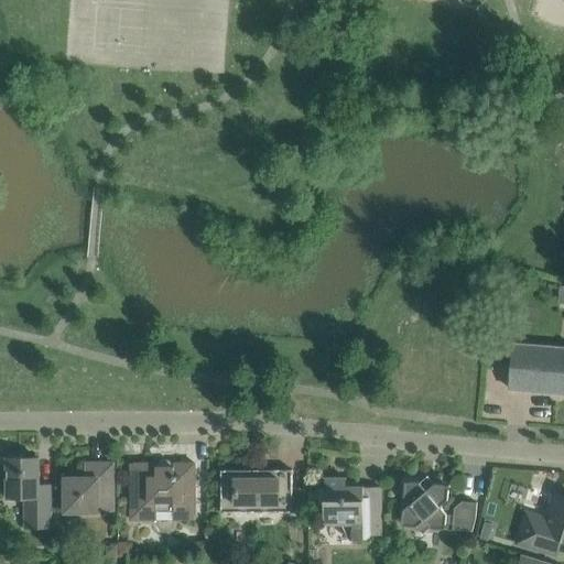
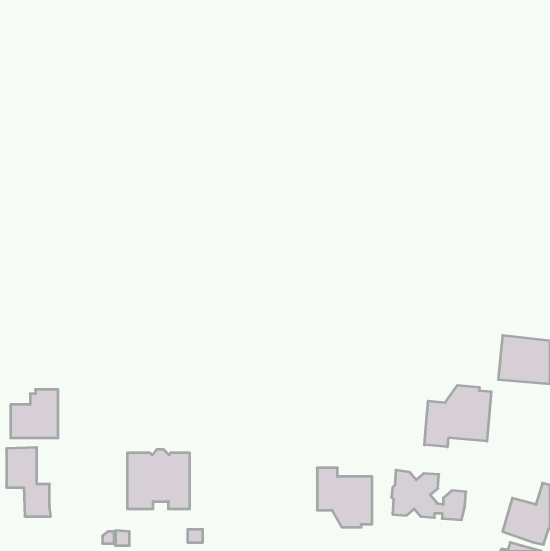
building: none -> [424,385,491,447]
building: [64,463,112,512] -> [11,389,58,438]
building: [220,469,292,512] -> none

